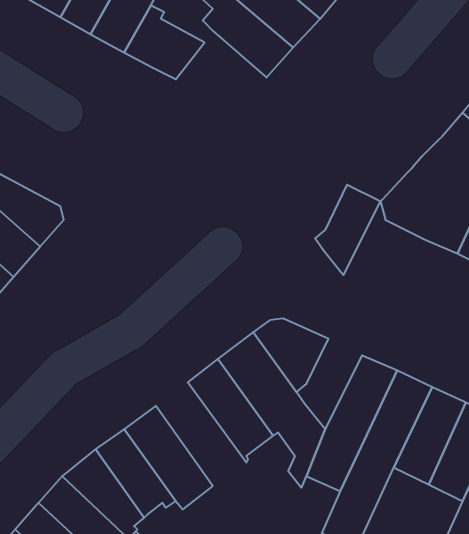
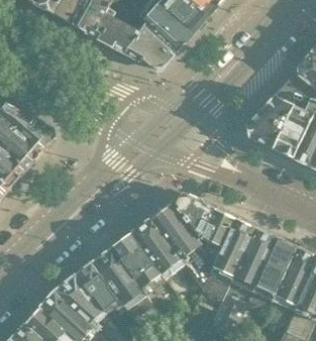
building: none -> [121,22,176,68]
building: [315,185,380,275] -> [194,208,233,262]
building: none -> [109,234,164,297]

